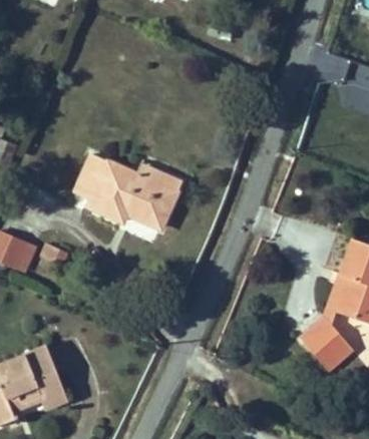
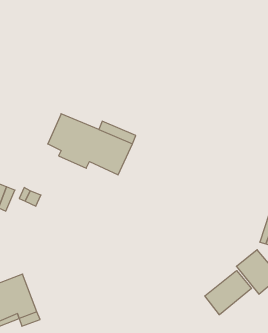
building: none -> [205,271,251,315]

